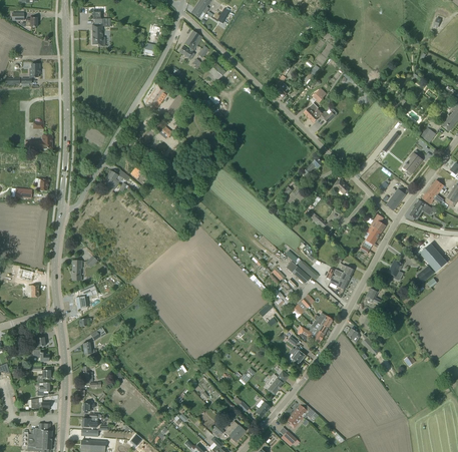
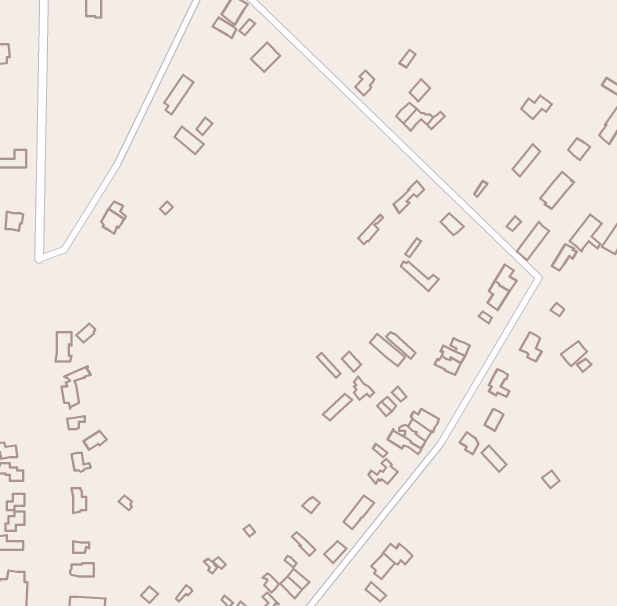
building: [420,243,447,271] -> none

